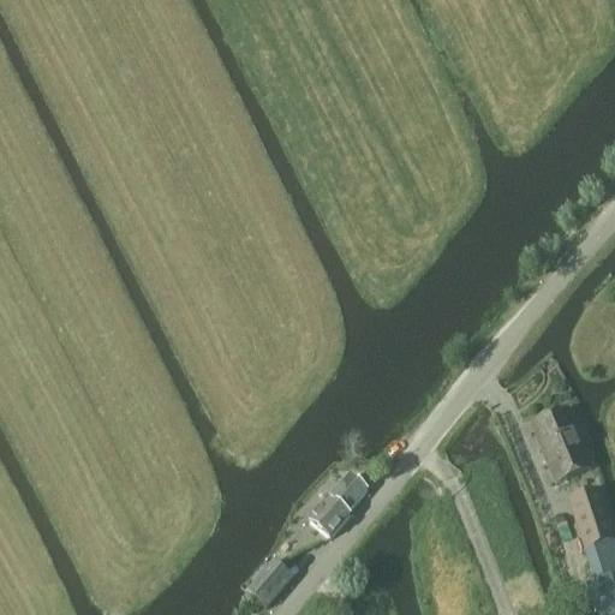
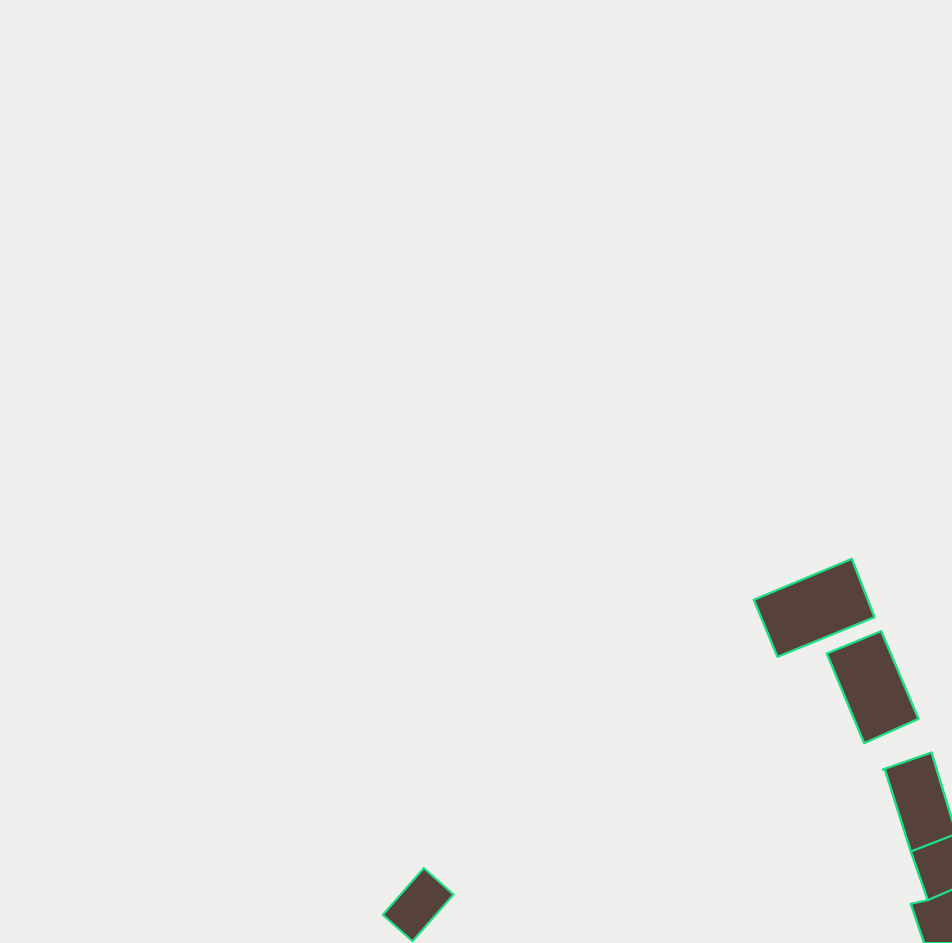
building: none -> [754,559,874,657]
building: [312,474,369,535] -> none

